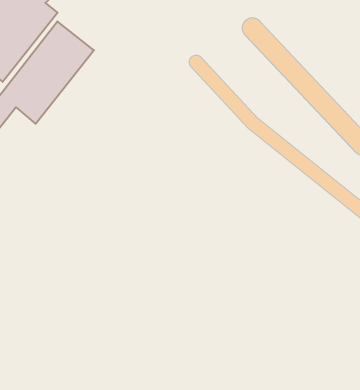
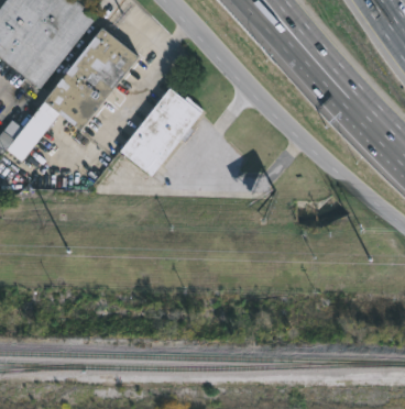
building: none -> [117,89,205,178]

